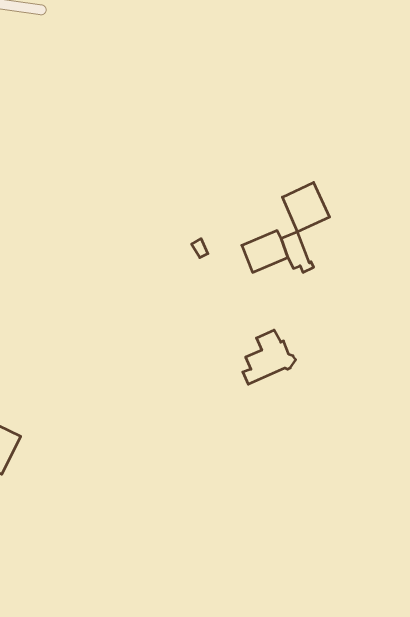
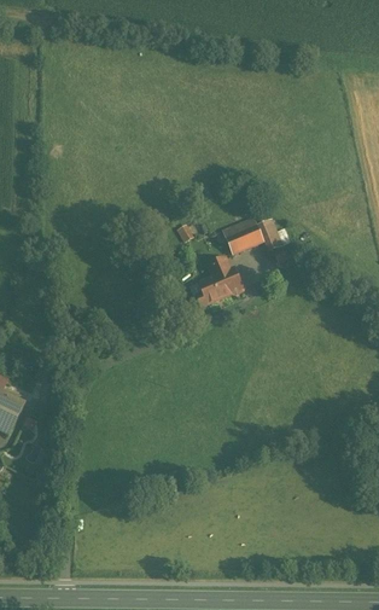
building: [282,182,330,232] -> none
building: [243,330,296,384] -> [197,257,244,306]

